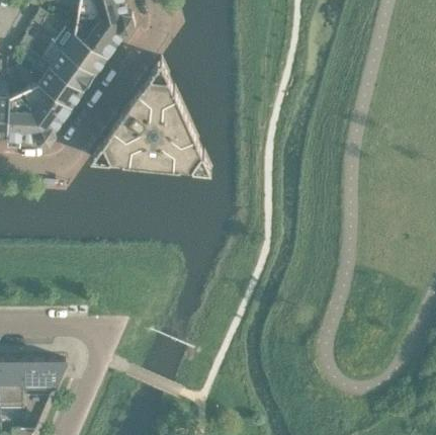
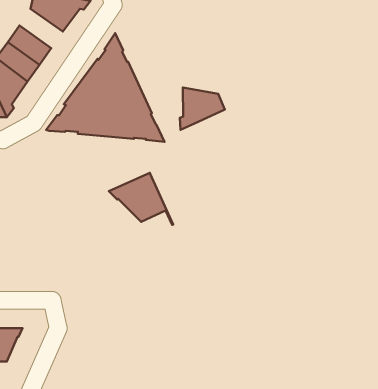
building: [61,33,105,74] -> none
building: none -> [180,87,225,130]
building: none -> [109,173,173,225]

